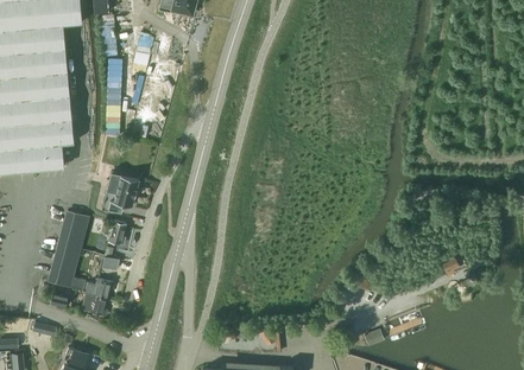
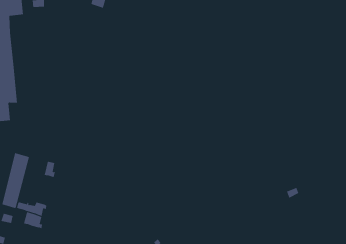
building: [106,179,138,217] -> none

